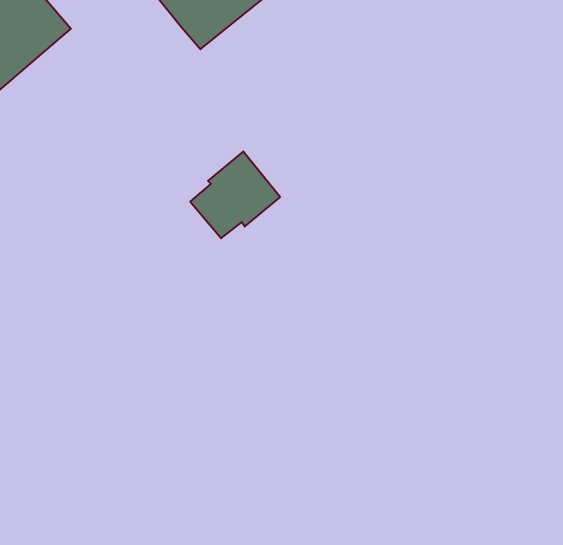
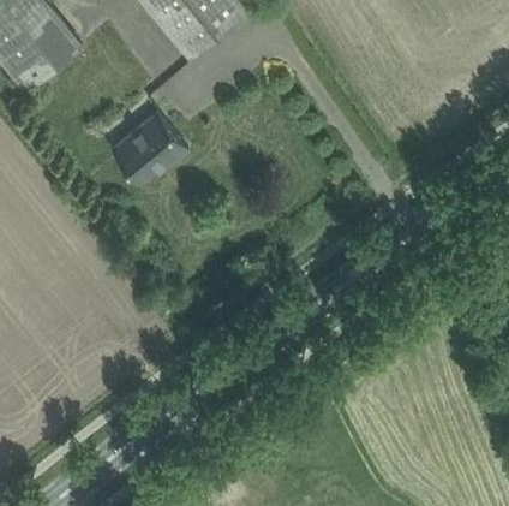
building: [190,151,280,238] -> [114,113,187,184]

